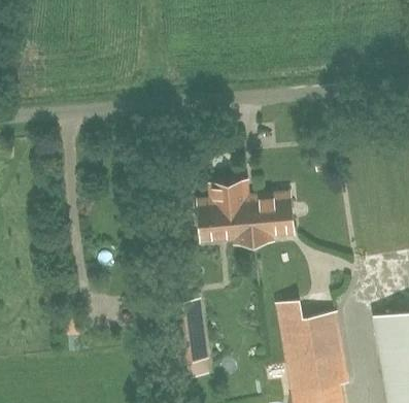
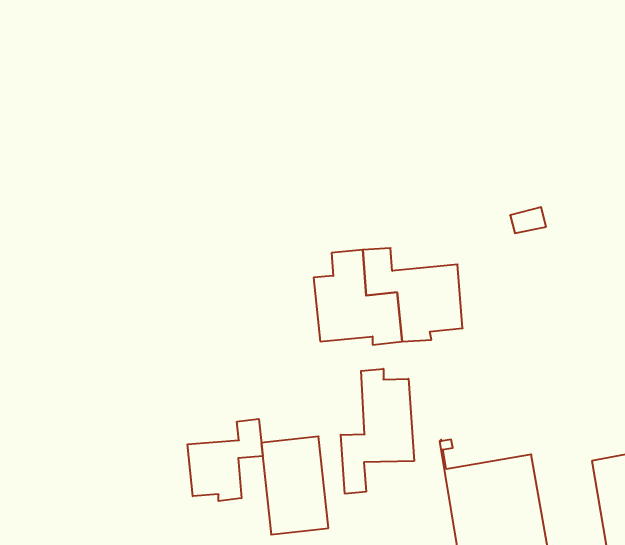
building: none -> [341,369,414,494]
building: none -> [188,419,263,501]

